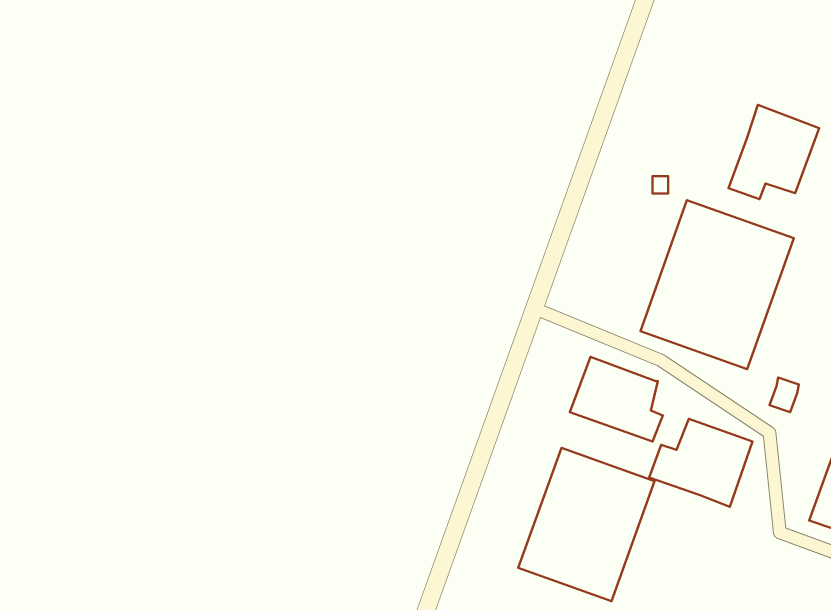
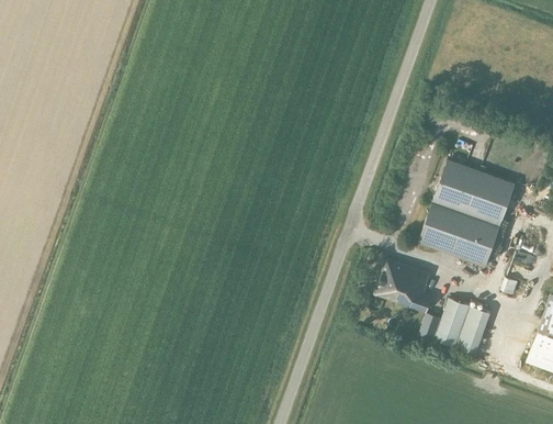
building: [728,105,819,199] -> none
building: [518,448,655,601] -> none

